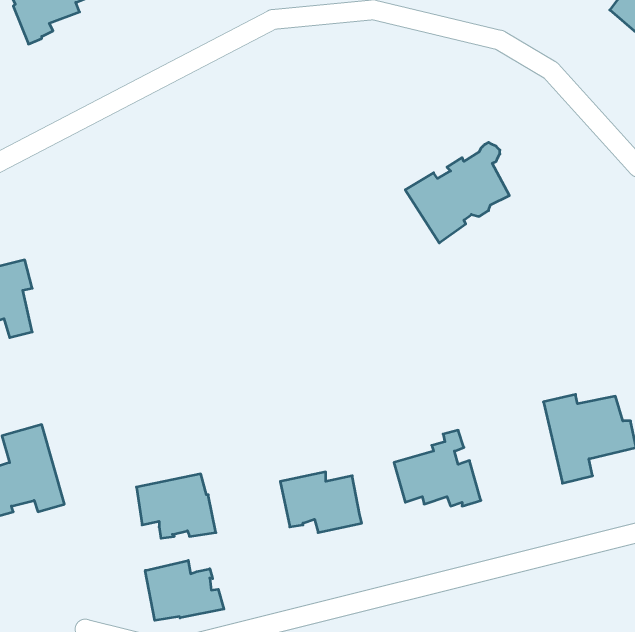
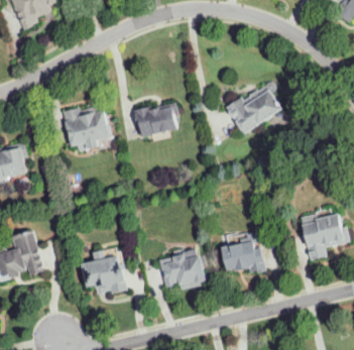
building: none -> [133,102,178,136]
building: none -> [64,106,112,152]
building: [145,560,224,620] -> none

